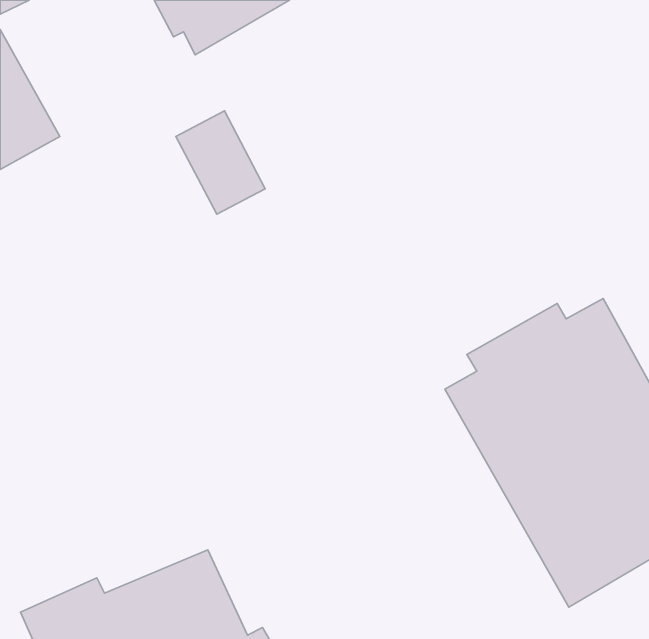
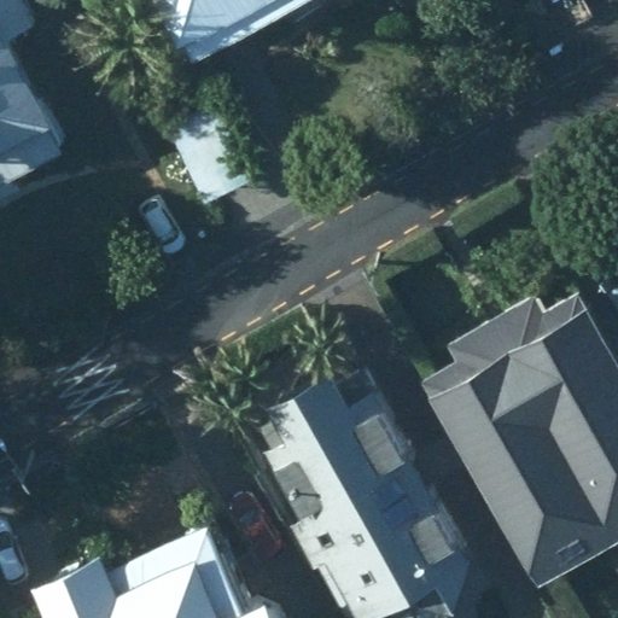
building: none -> [257,391,442,585]

